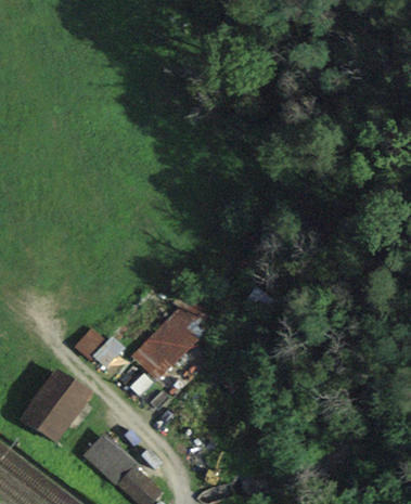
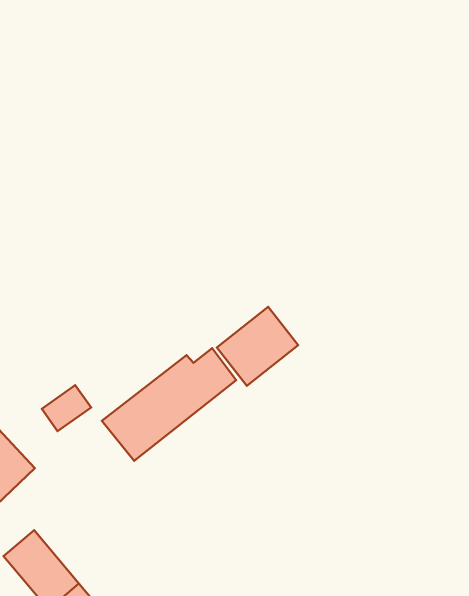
building: none -> [217,307,298,386]

